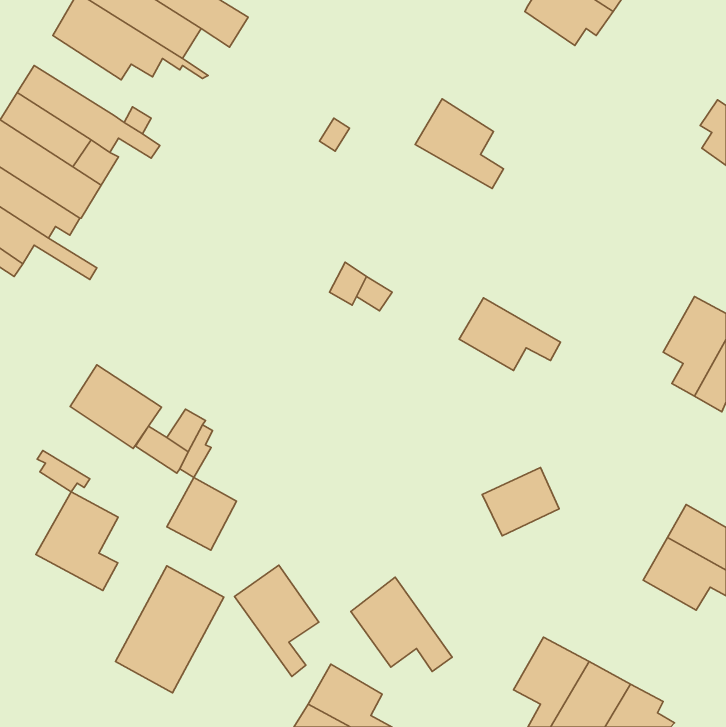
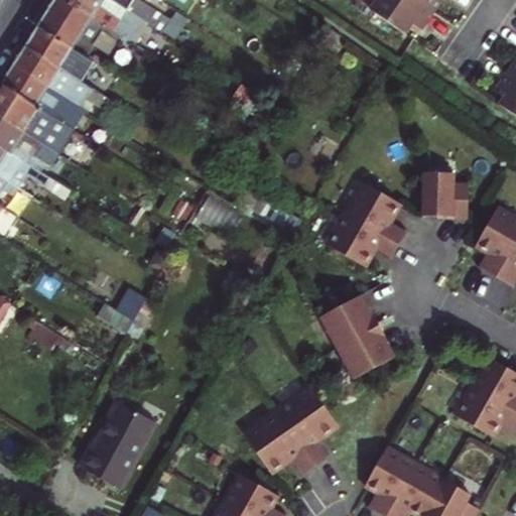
building: none -> [24,25,94,82]
building: [415,99,503,189] -> [342,178,404,242]
building: none -> [420,170,471,222]
building: [70,365,161,448] -> none
building: none -> [326,299,382,350]
building: [167,478,237,550] -> none
building: [36,492,118,591] -> none
building: [235,565,319,676] -> [279,386,339,465]

